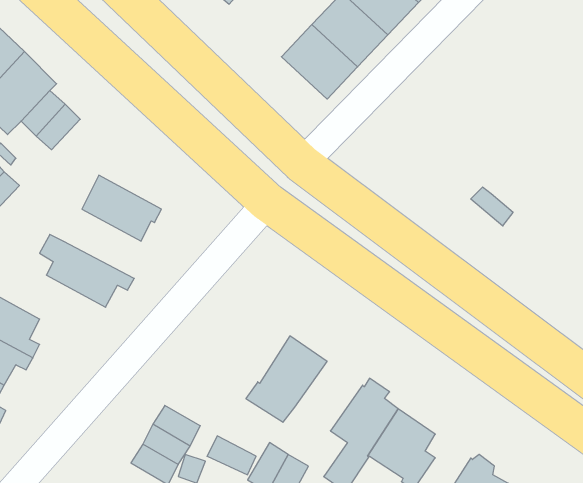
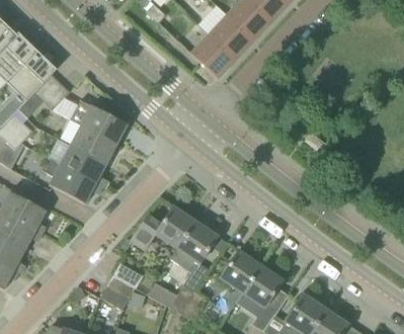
building: none -> [70,99,128,145]
building: none -> [60,145,106,186]
building: none -> [131,206,195,249]

